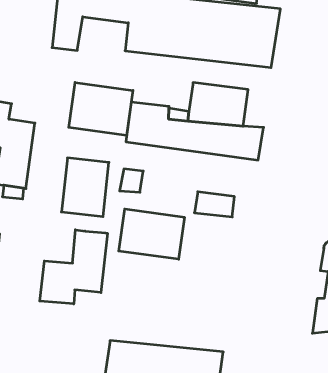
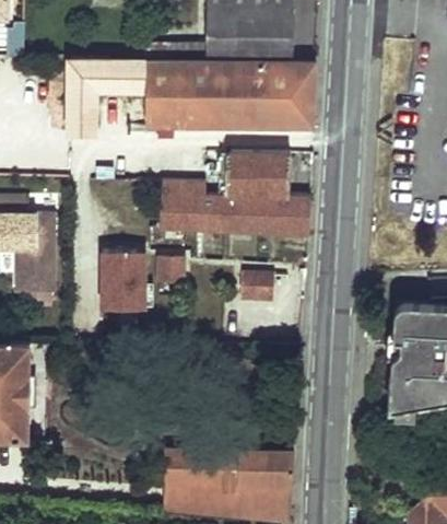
building: [69,82,133,135] -> none
building: [119,209,184,259] -> none
building: [40,230,107,304] -> none

